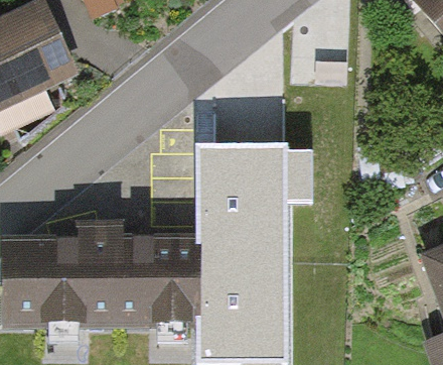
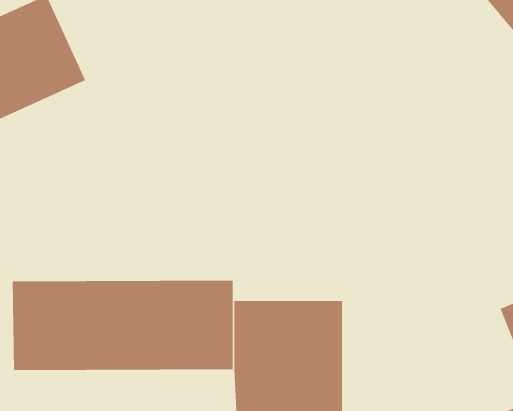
building: [198,140,290,255] -> none

